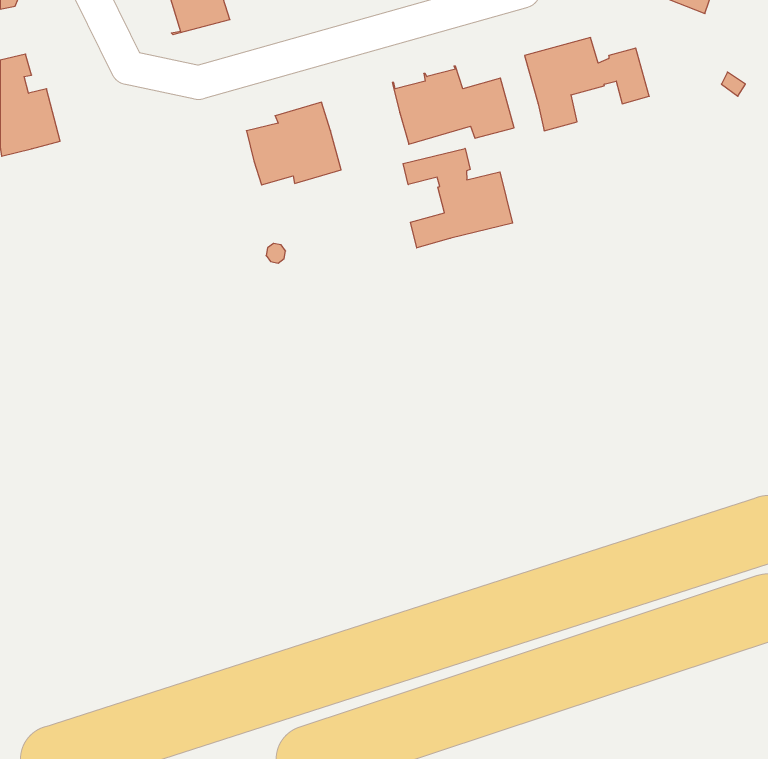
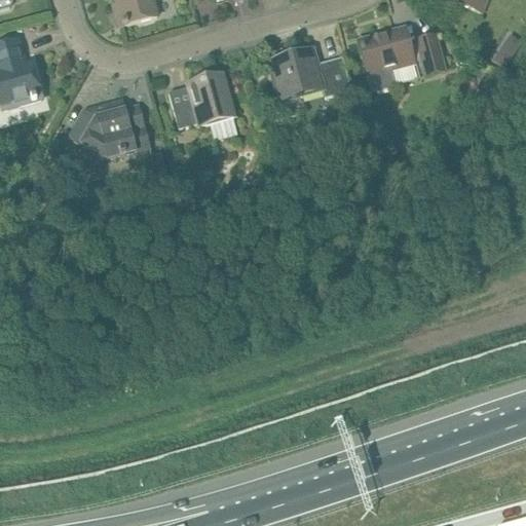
building: none -> [68,98,167,181]
building: [403,148,513,248] -> none

